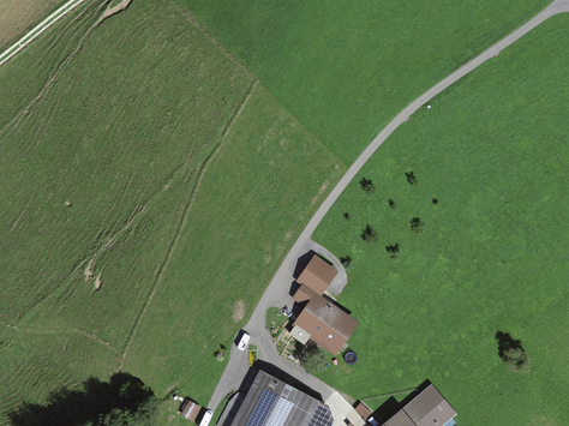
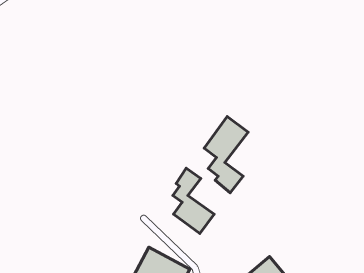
building: none -> [204,117,248,193]

